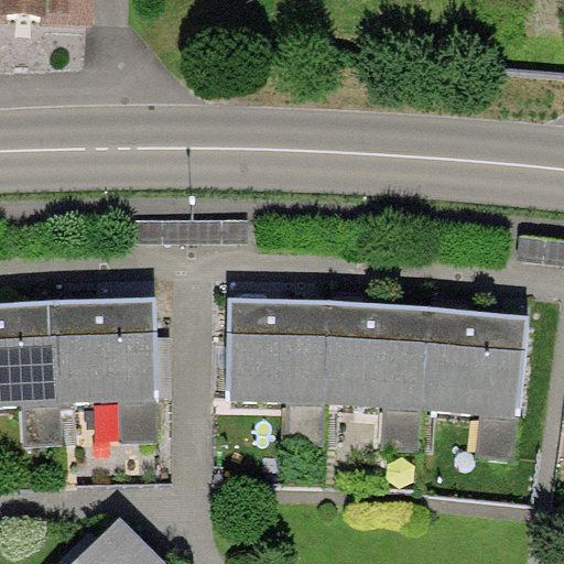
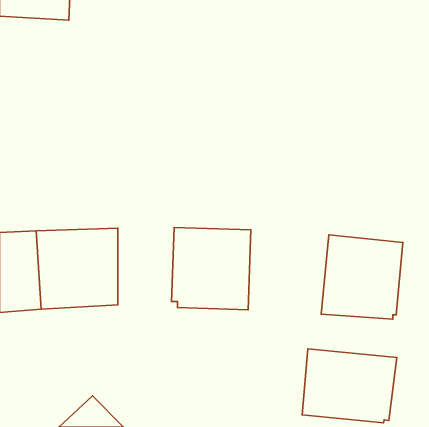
building: [325,301,431,411] -> none
building: none -> [302,349,397,423]

